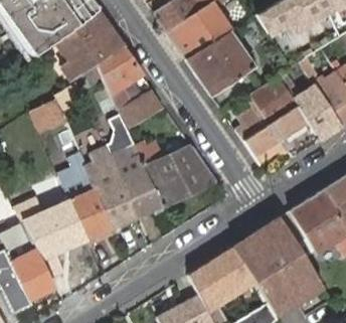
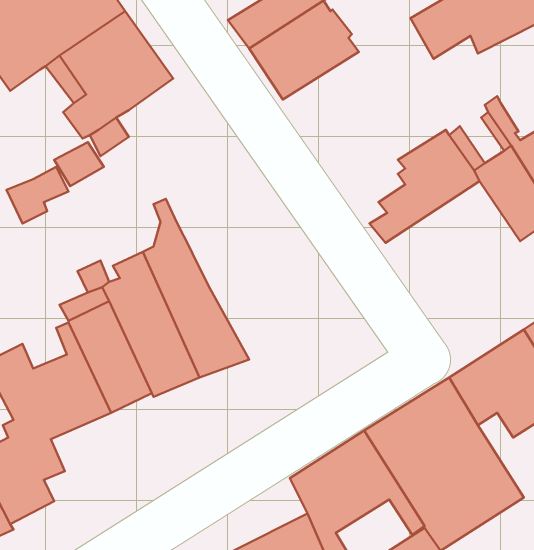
building: [186,32,254,96] -> none
building: [99,47,143,100] -> none
building: [119,89,165,129] -> none
building: [244,106,321,163] -> none
building: [134,139,220,207] -> none

